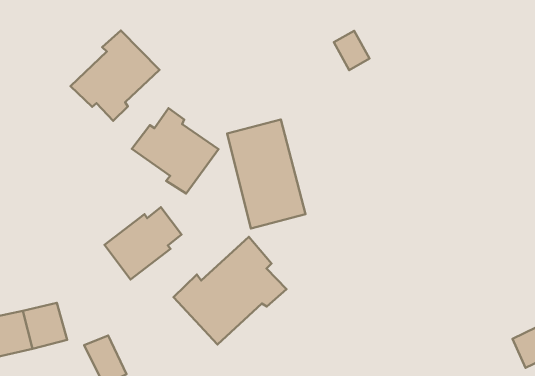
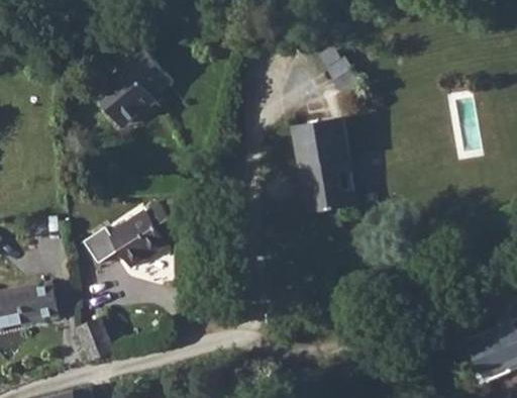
building: [132,108,219,194] -> none
building: [227,120,305,228] -> [289,106,354,203]
building: [174,237,286,344] -> none

